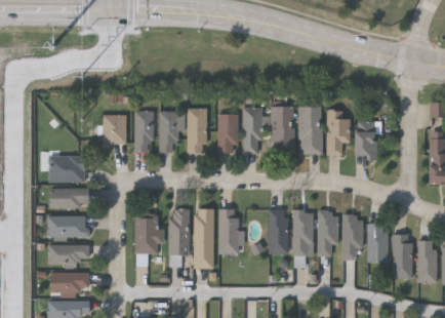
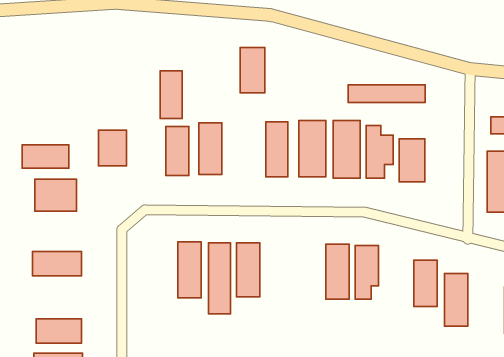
building: none -> [348,85,425,103]
building: [134,111,153,151] -> [160,71,182,119]
building: [217,114,238,152] -> [240,48,265,93]
building: [49,188,88,207] -> [22,145,69,168]
building: [268,208,287,253] -> none
building: [134,213,162,253] -> none
building: [342,214,363,259] -> none
building: [418,240,437,282] -> none
building: [48,244,88,262] -> none

